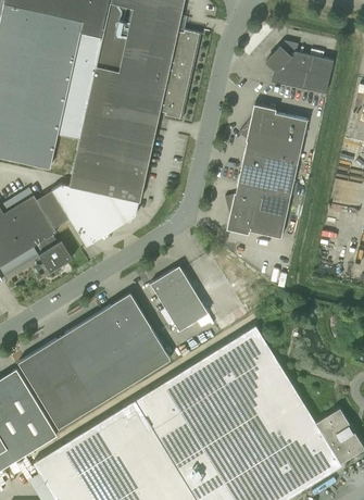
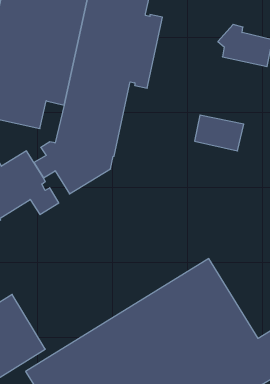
building: [239,105,307,163] -> none
building: [225,184,290,238] -> none
building: [150,266,208,332] -> none
building: [18,296,171,428] -> none

